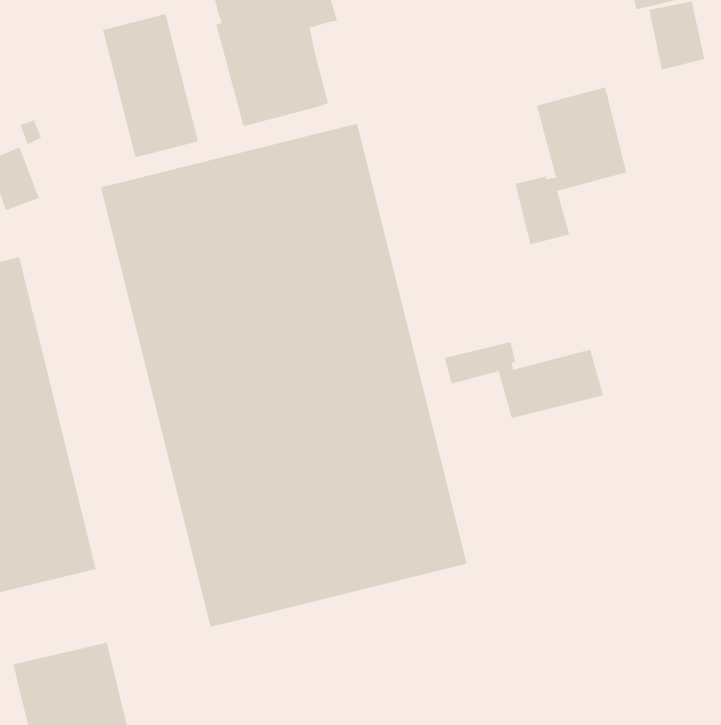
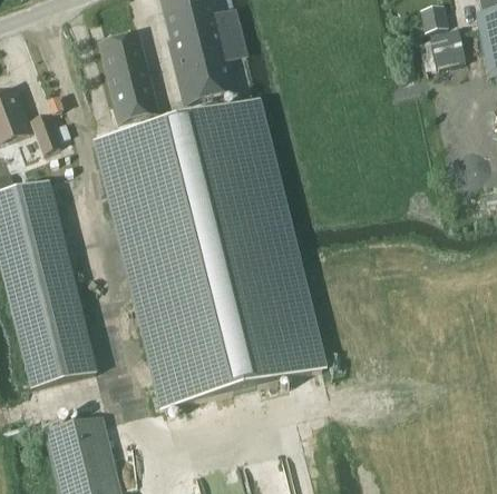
building: [515,86,627,245] -> none
building: [444,341,604,419] -> none

